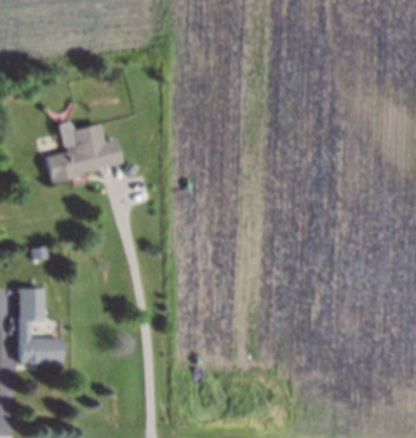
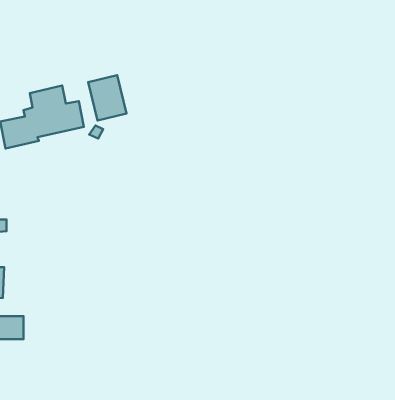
building: none -> [88,75,126,121]

